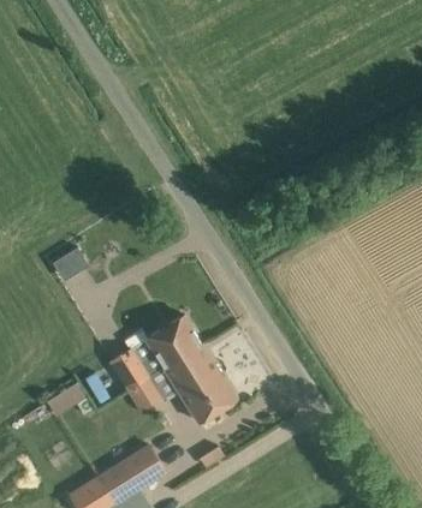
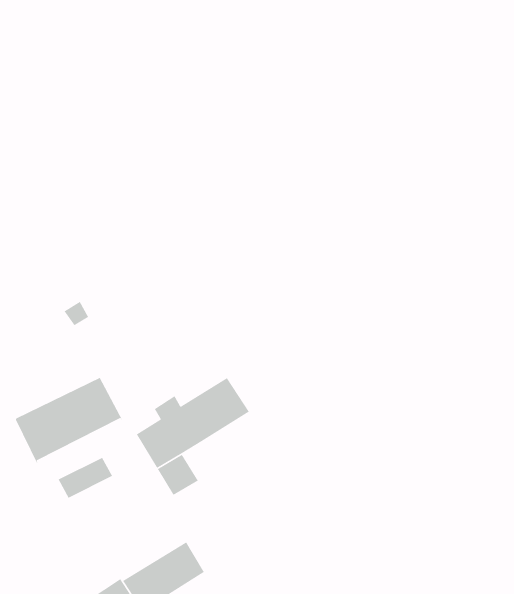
building: none -> [15,377,123,465]
building: [164,342,237,423] -> none

